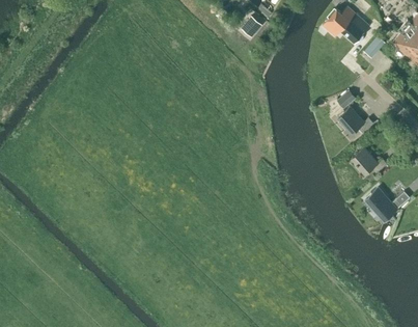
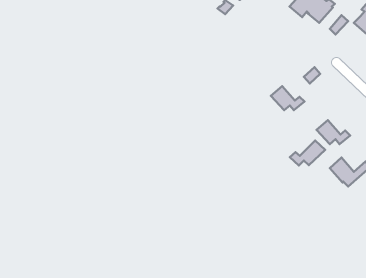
building: [337,107,373,133] -> [271,86,304,110]
building: none -> [290,141,325,166]

